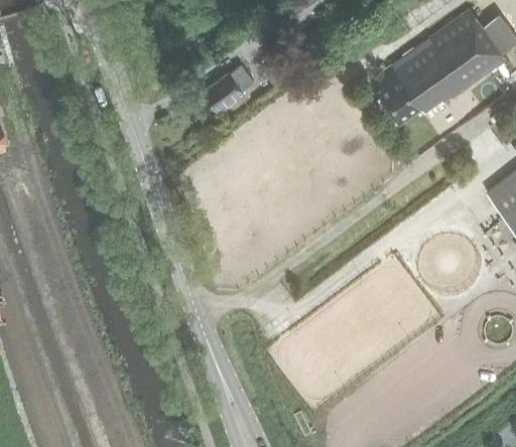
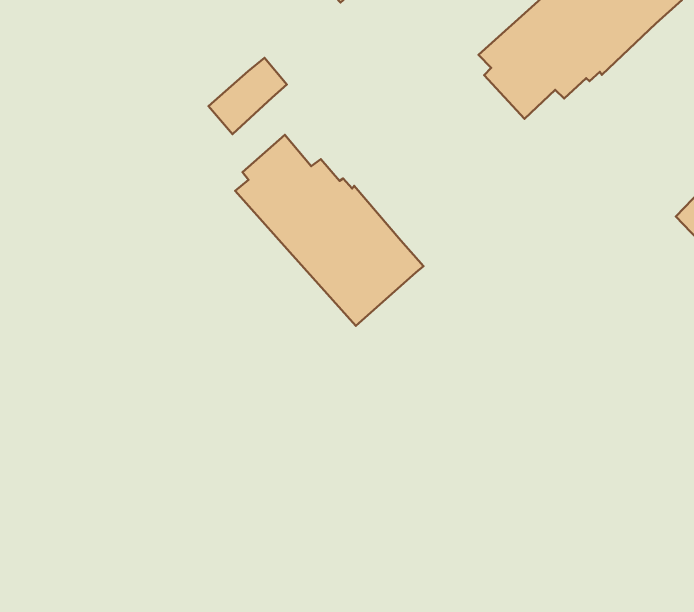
building: none -> [235,135,423,326]

